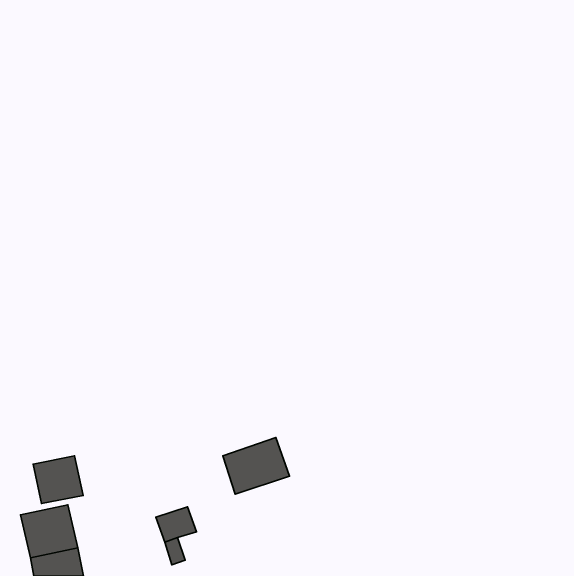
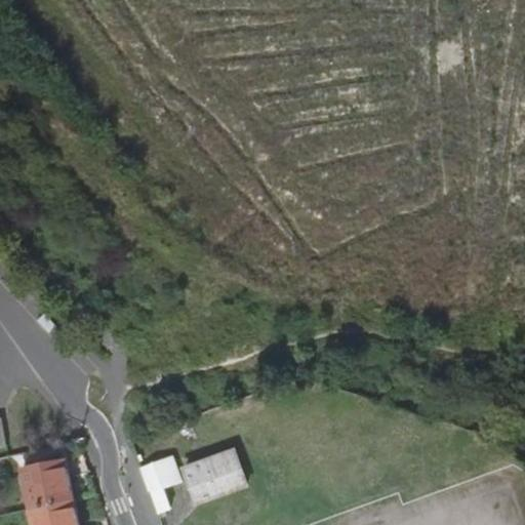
building: [223,438,290,494] -> [185,451,245,502]
building: [33,456,83,504] -> none

